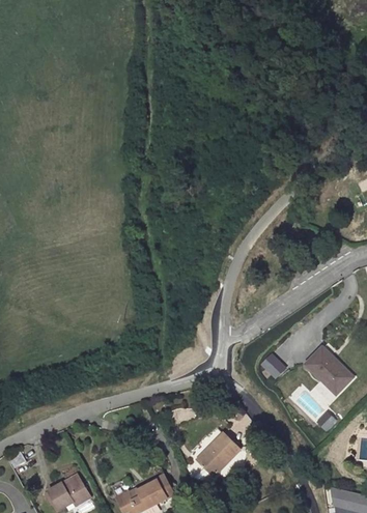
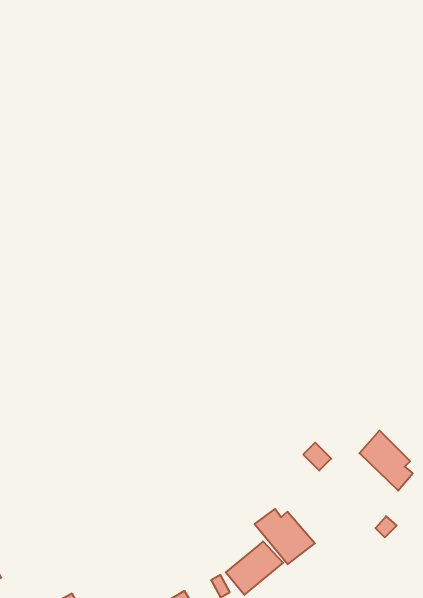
building: none -> [255,509,315,564]

